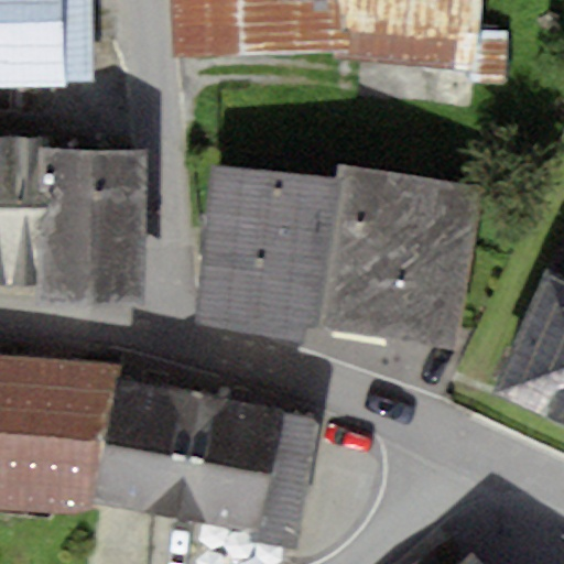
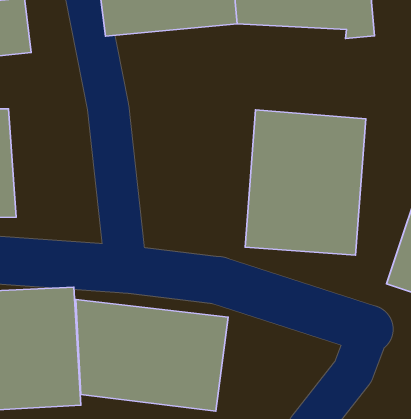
building: [42,137,142,291] -> none
building: [207,169,345,333] -> none

